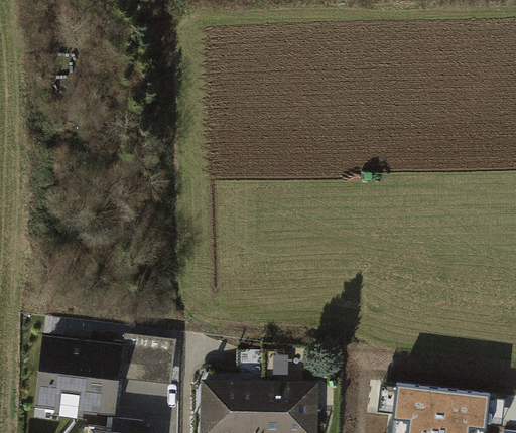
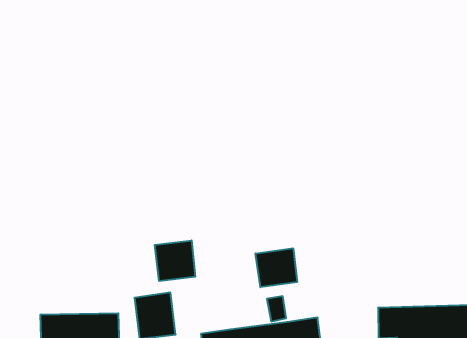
building: none -> [155,240,195,281]
building: none -> [256,248,297,287]

